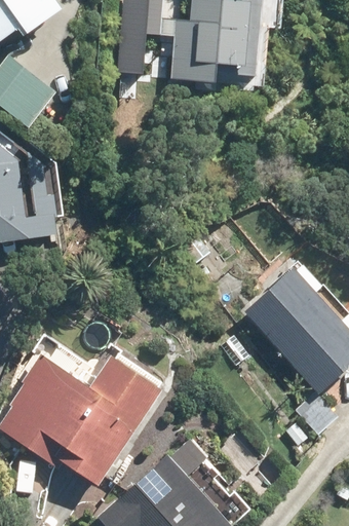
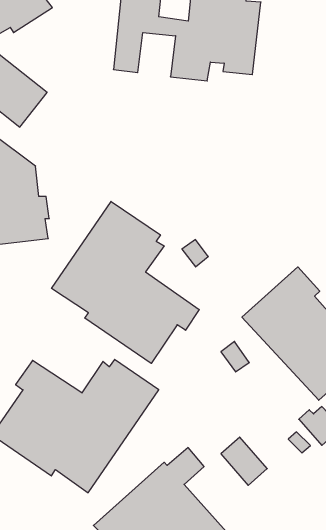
building: none -> [52,201,199,363]

